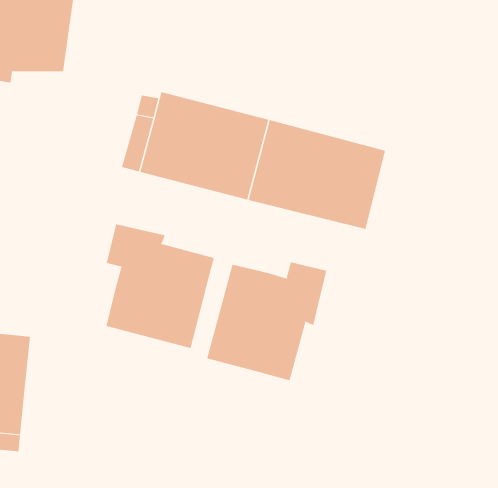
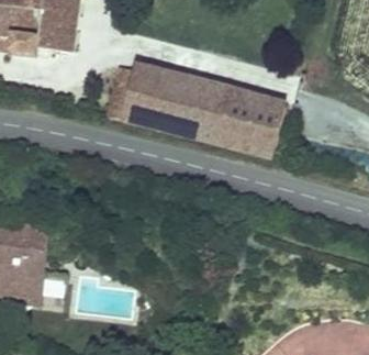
building: [106,224,214,349] -> none
building: [206,261,327,381] -> none

